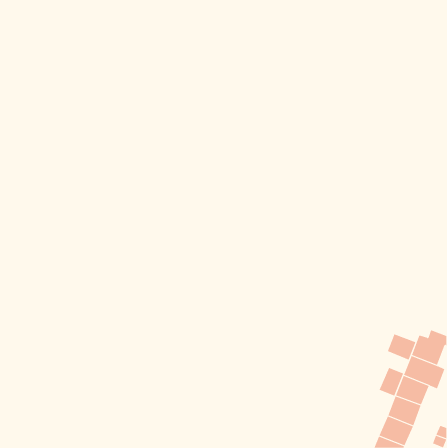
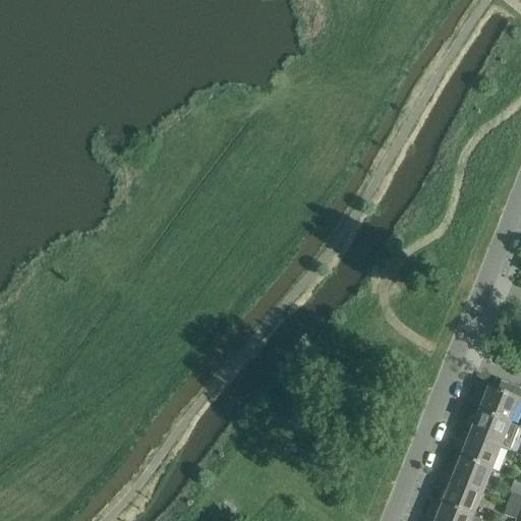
building: [387,333,416,361] -> none
building: [379,367,404,397] -> none

